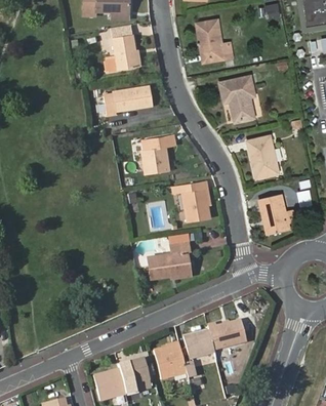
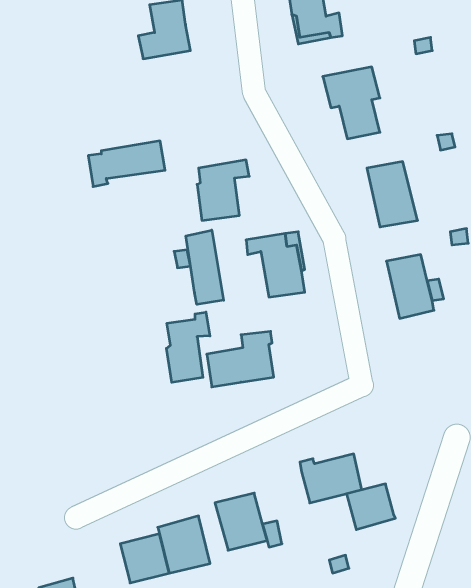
building: [104,86,152,115] -> [88,141,165,187]
building: none -> [186,230,224,304]
building: none -> [166,312,210,382]
building: [182,331,213,360] -> [346,484,395,530]

